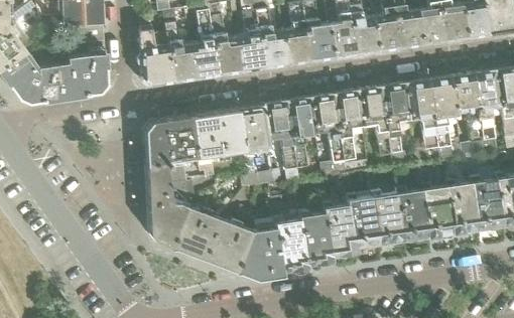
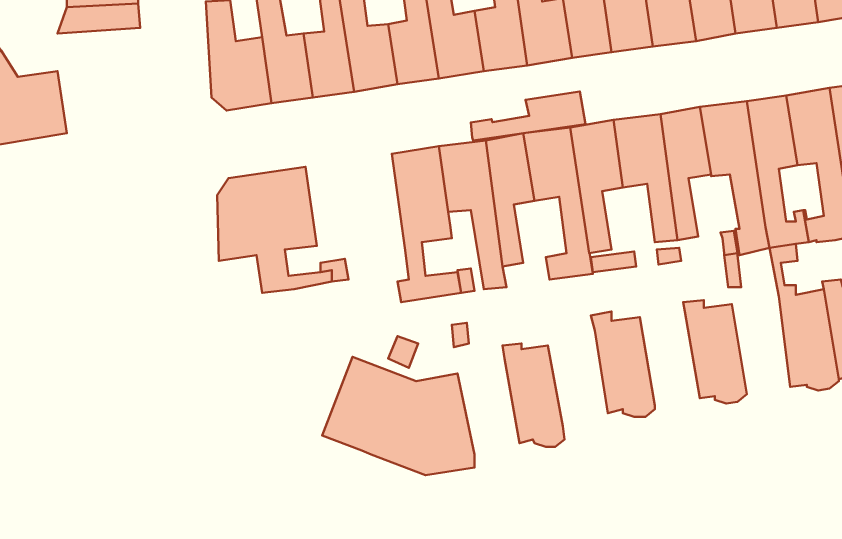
building: [59,47,107,97] -> none
building: none -> [471,91,585,140]
building: [192,108,246,161] -> none
building: [146,162,218,259] -> none
building: [421,182,454,238] -> none
building: [371,189,405,246] -> none
building: [322,201,356,257] -> none
building: [273,215,307,274] -> none

